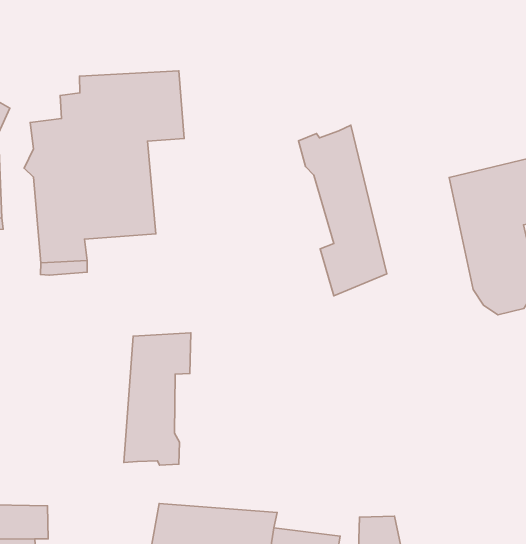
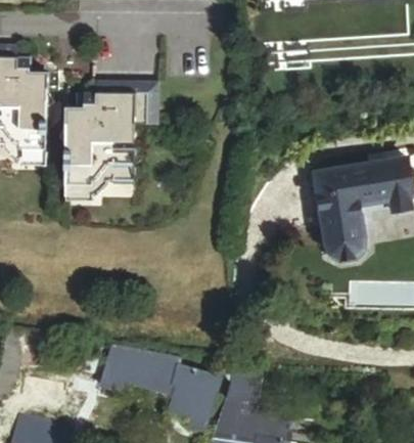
building: [299,125,387,296] -> none
building: [124,333,191,465] -> none

